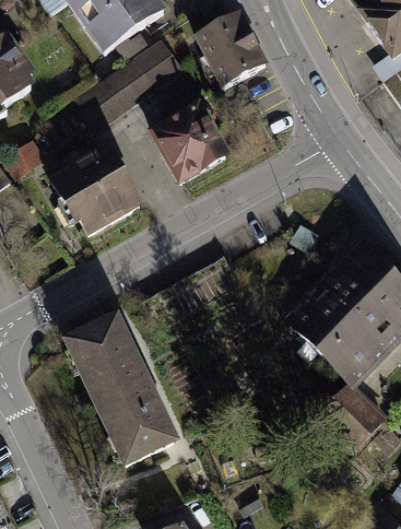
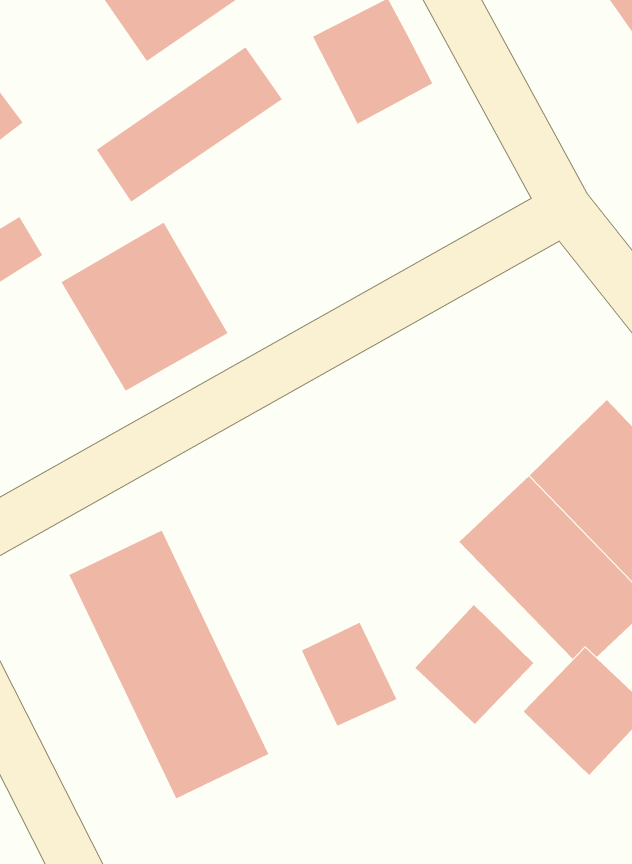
building: [149,98,228,180] -> none
building: none -> [414,604,534,725]
building: none -> [301,622,397,726]

